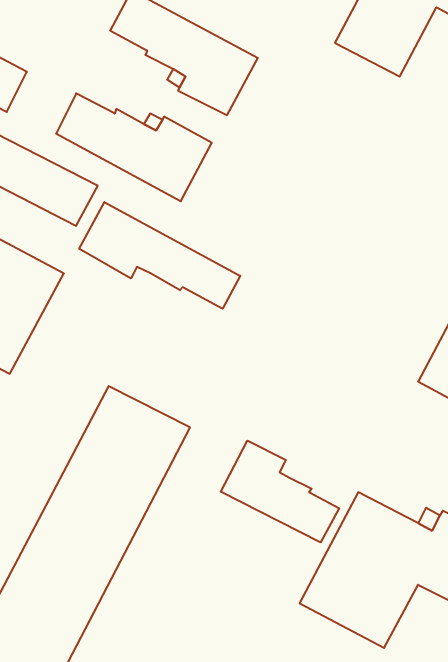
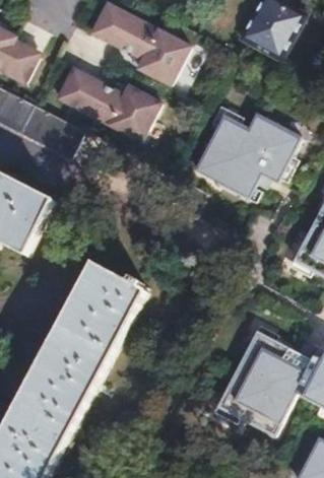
building: none -> [196,114,302,198]
building: [79,202,240,309] -> none
building: [221,441,339,542] -> none

